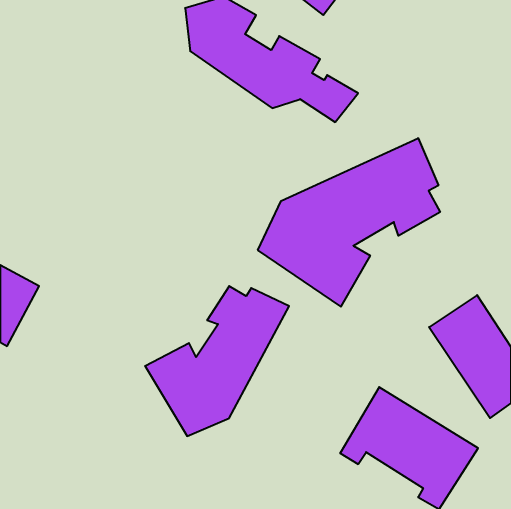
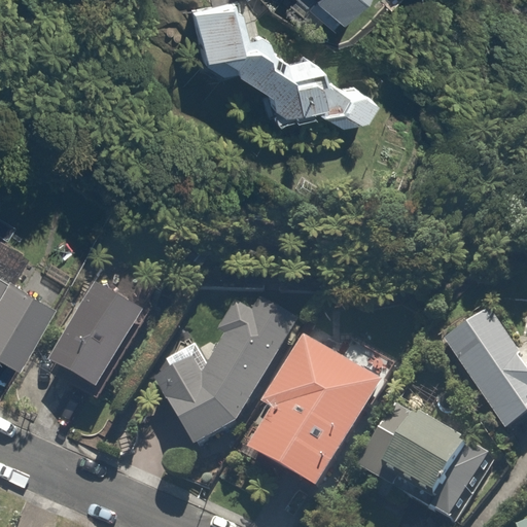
building: [258,138,440,307] -> none
building: none -> [48,274,148,392]
building: none -> [247,336,381,493]

